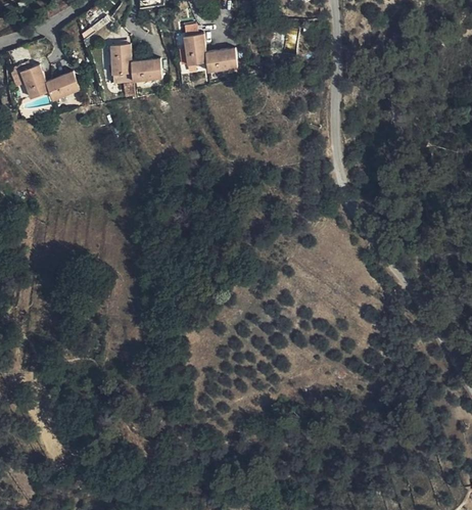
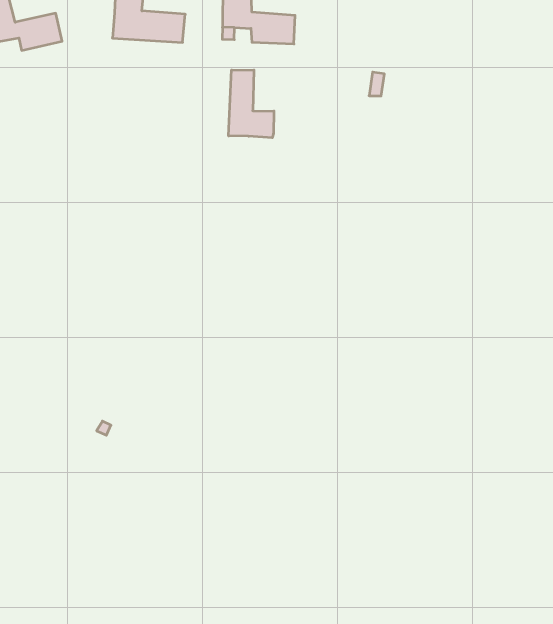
building: none -> [229,70,274,138]

